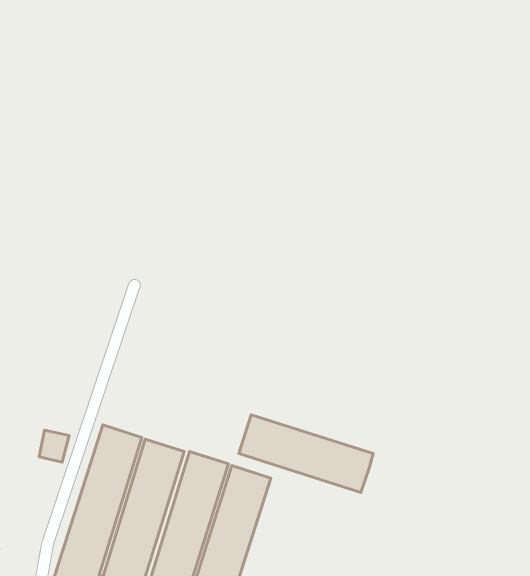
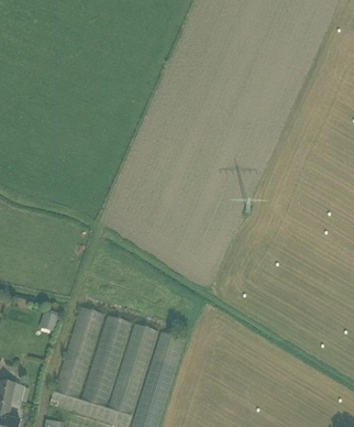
building: [239,415,373,492] -> none

